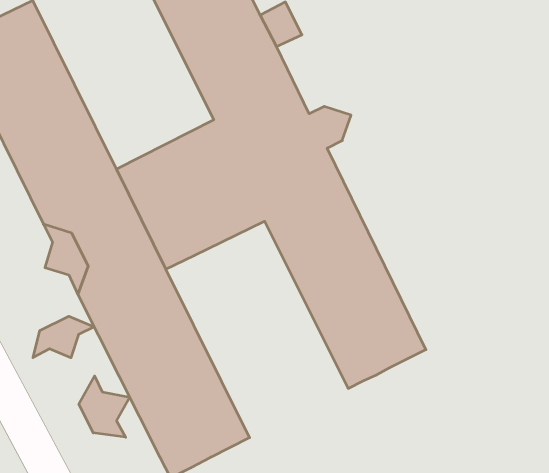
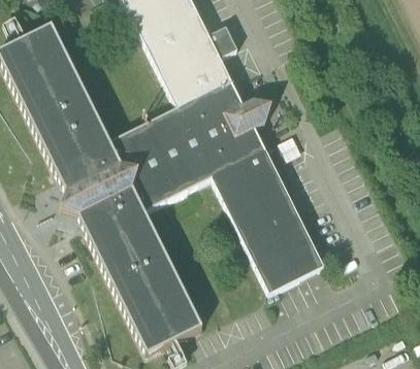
building: [33,316,94,358] -> none
building: [79,376,130,437] -> none

